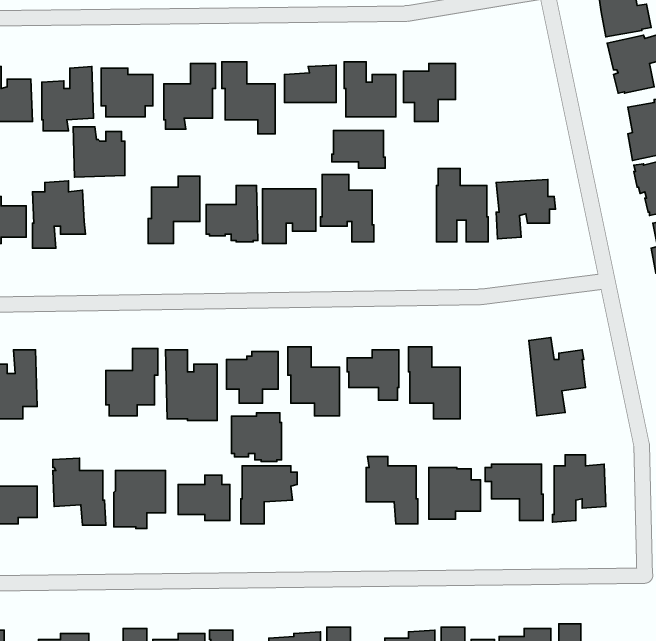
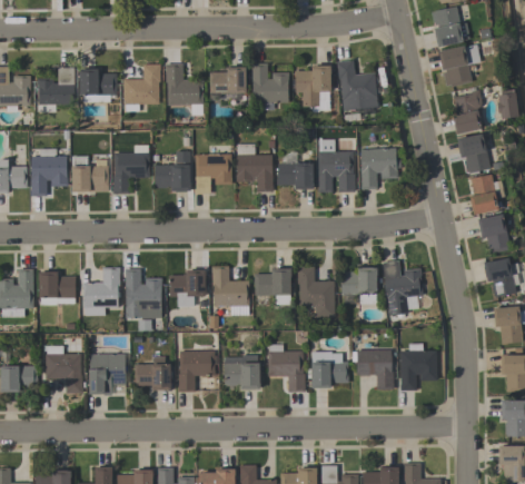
building: none -> [336,60,378,110]
building: [73,127,125,177] -> [71,156,108,191]
building: [332,131,385,168] -> [276,162,314,189]
building: none -> [340,266,377,304]
building: none -> [38,270,75,305]
building: [231,413,282,461] -> [224,355,259,389]

